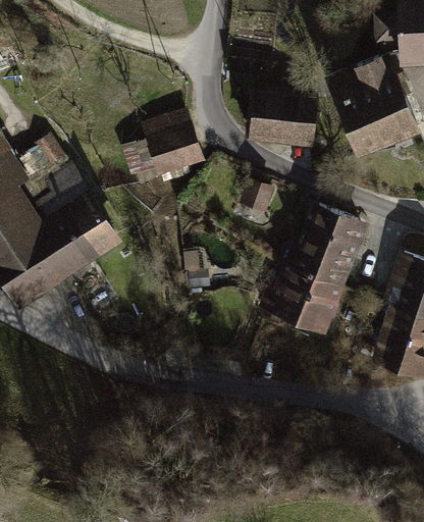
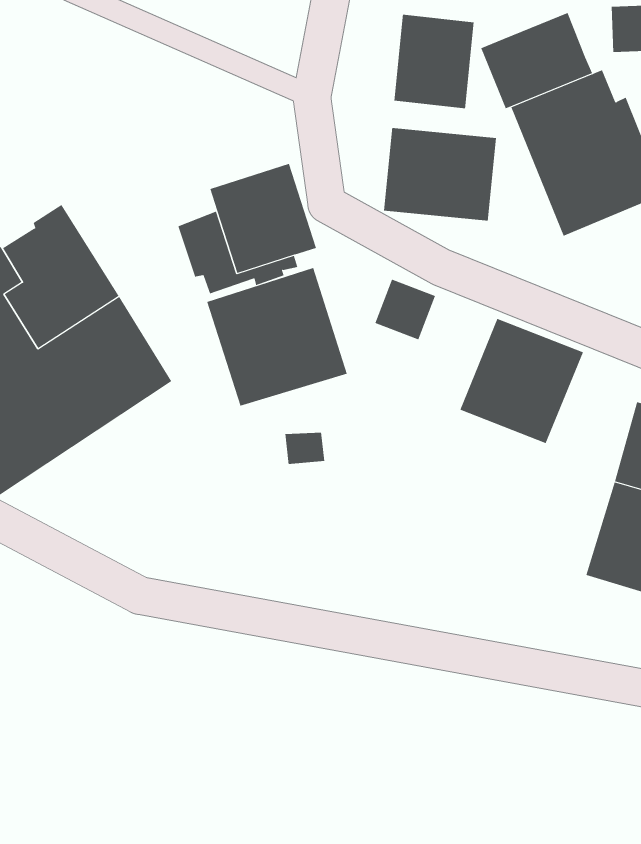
building: none -> [481,12,593,109]
building: none -> [394,14,474,109]
building: none -> [206,267,348,407]
building: [270,259,344,334] -> none

